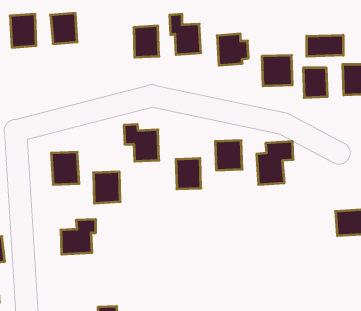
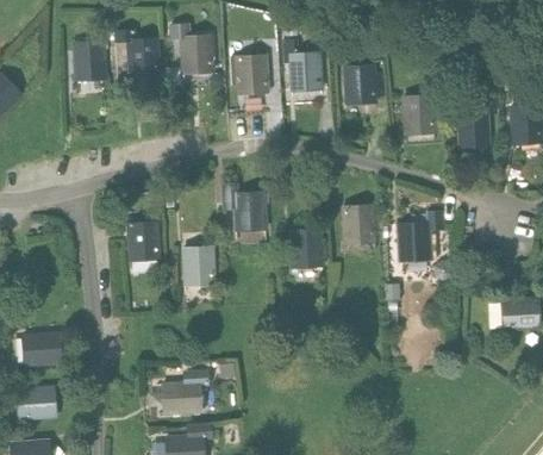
building: none -> [179,32,213,73]
building: [307,35,343,56] -> none
building: [61,219,96,254] -> [161,370,207,417]

